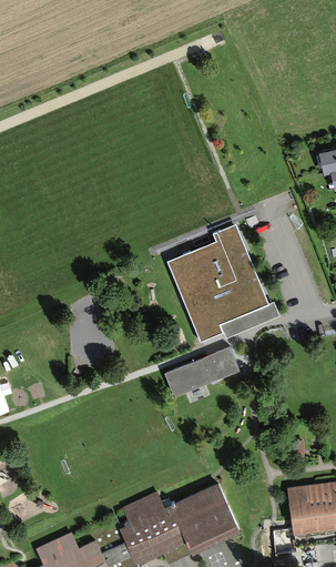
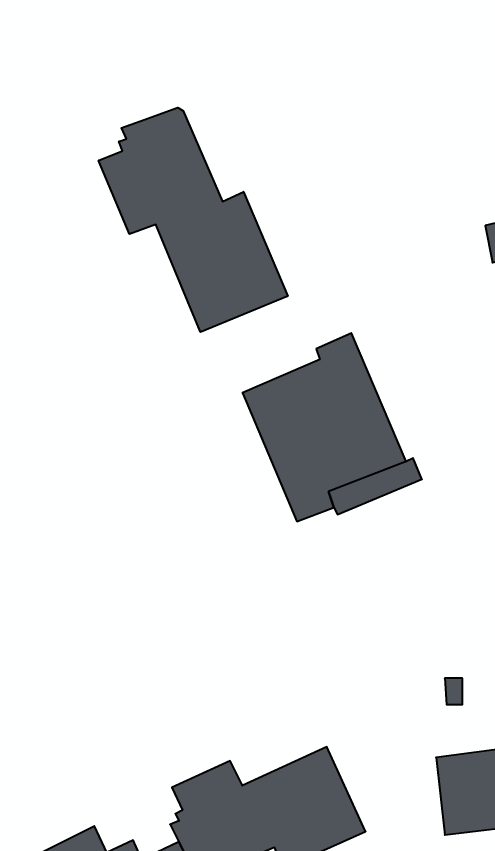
building: none -> [99,108,288,332]
building: [164,345,240,396] -> none

